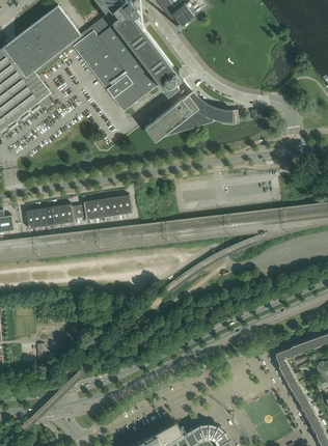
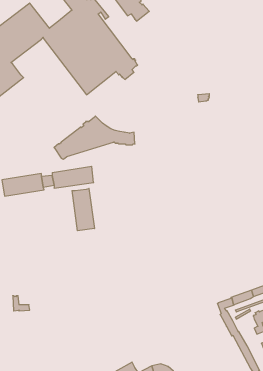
building: [144,91,238,141] -> [54,116,135,159]
building: none -> [72,188,94,231]

